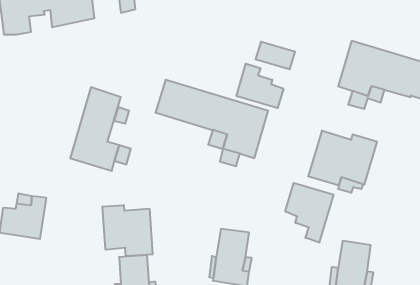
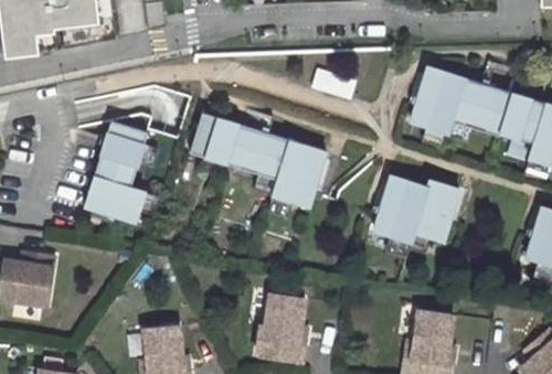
building: [237,64,283,108] -> none
building: [285,183,333,243] -> none
building: [103,205,153,256] -> none

